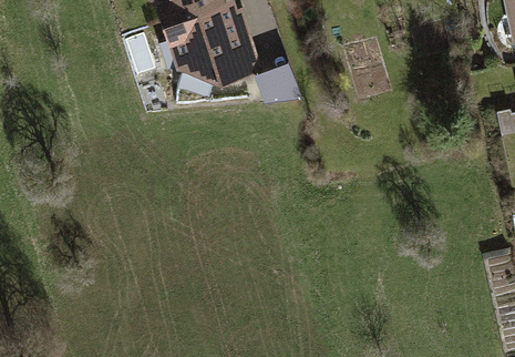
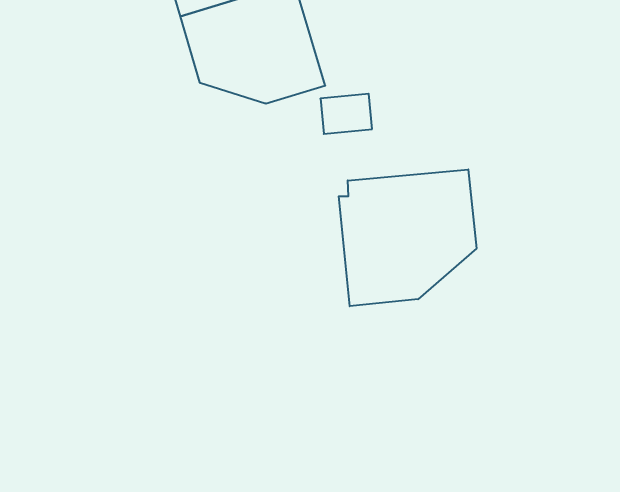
building: none -> [339,169,477,306]

